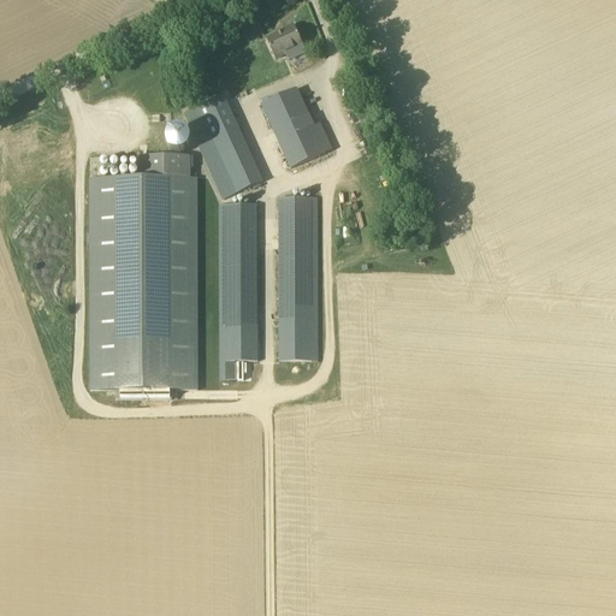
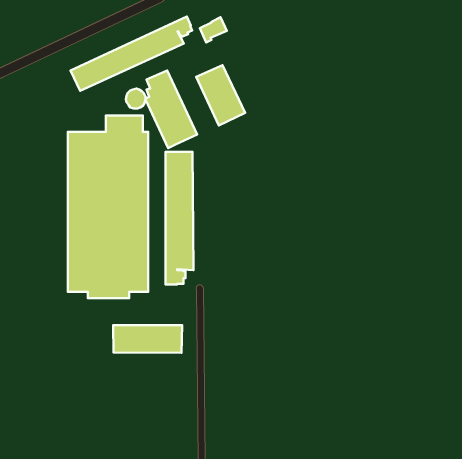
building: none -> [71,17,192,91]
building: [279,195,318,360] -> none
building: none -> [113,325,182,353]

